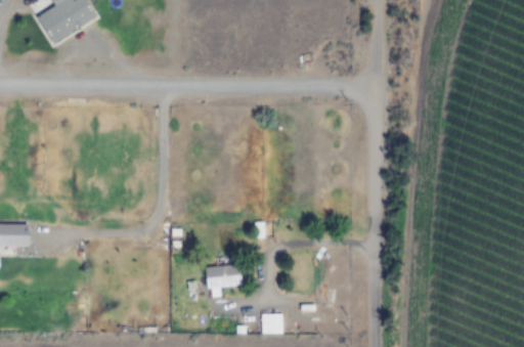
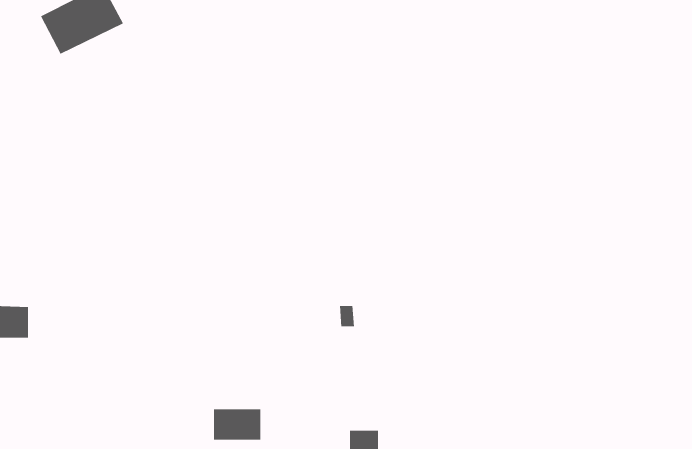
building: [206,265,241,288] -> [213,409,261,440]

